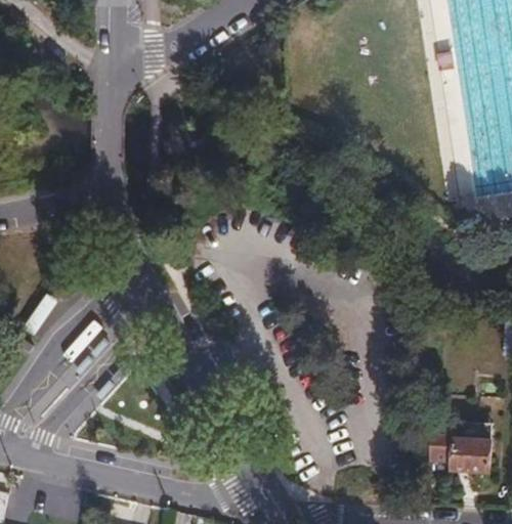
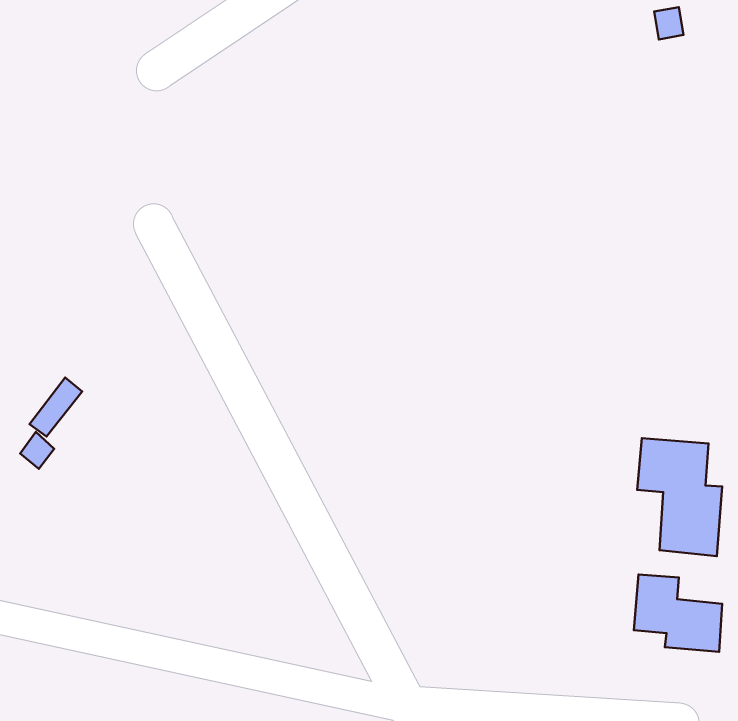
building: none -> [637,438,722,556]

